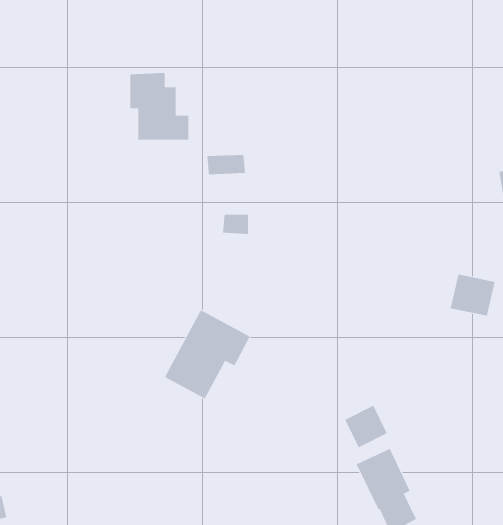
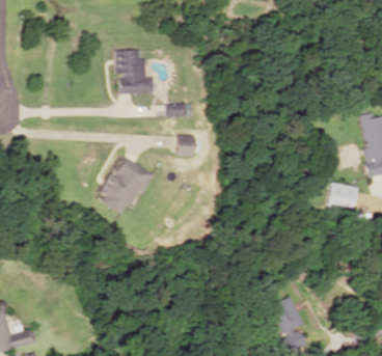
building: [164,310,251,399] -> [99,155,156,214]
building: [345,405,387,448] -> none

